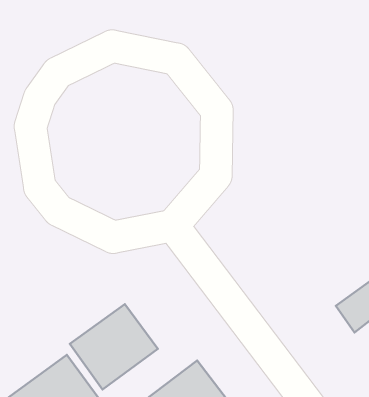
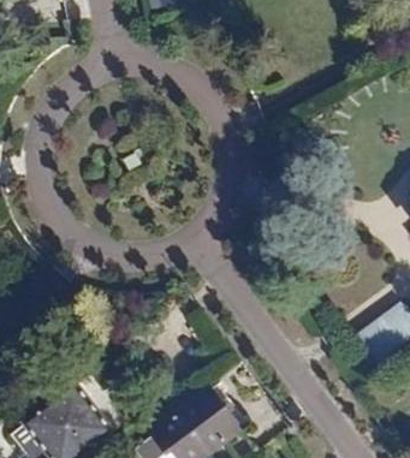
building: [70,304,158,389] -> none

